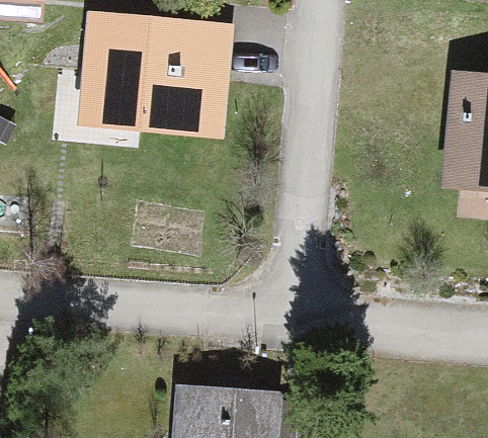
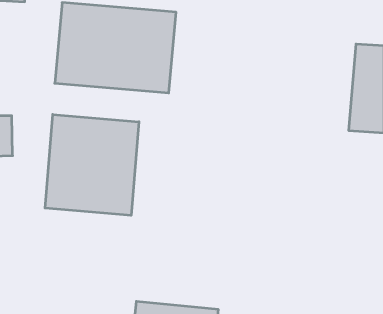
building: none -> [45,114,139,215]

